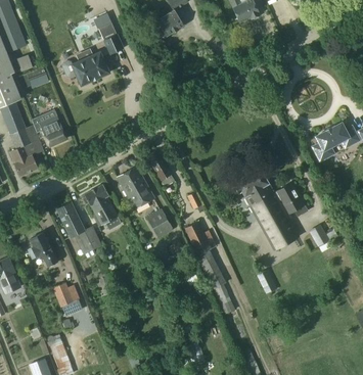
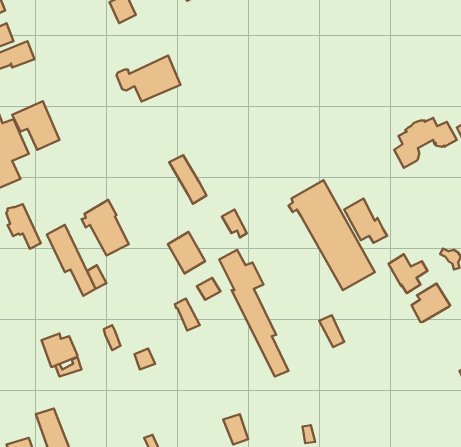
building: [62,51,109,85] -> [117,56,181,102]
building: [118,167,153,208] -> none
building: [31,233,56,266] -> [6,204,41,249]
building: none -> [411,284,450,322]

